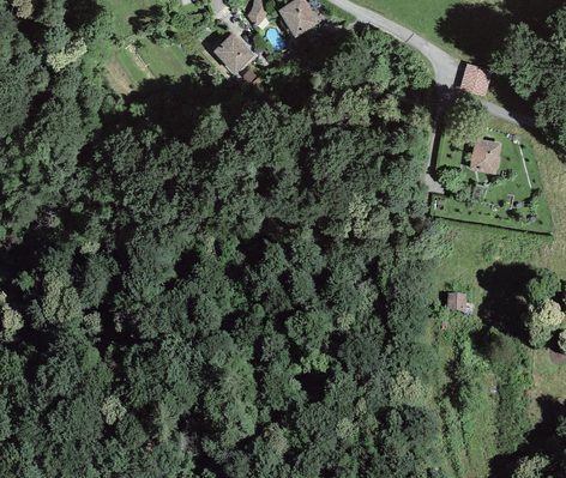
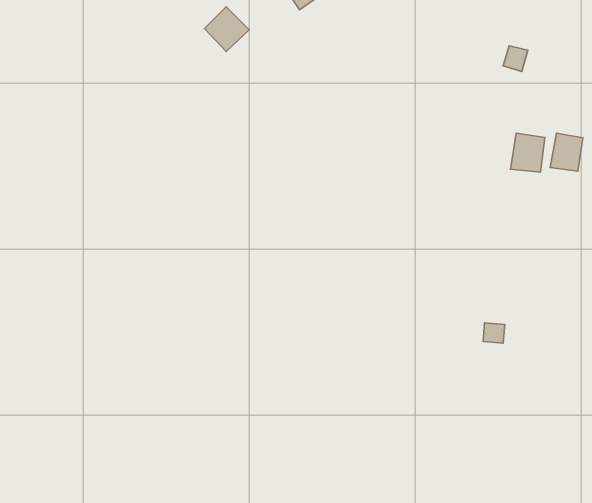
building: none -> [550,133,583,171]

